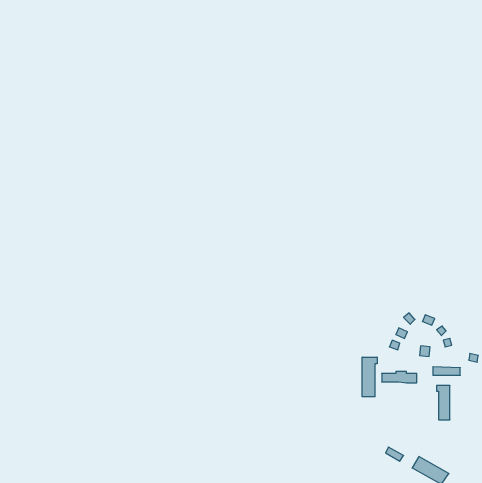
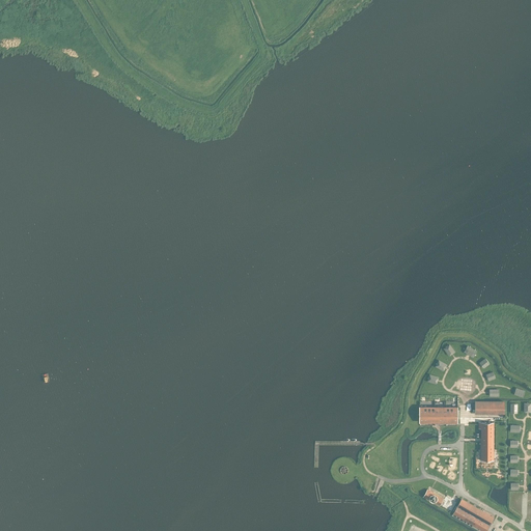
building: [362,357,377,397] -> none

